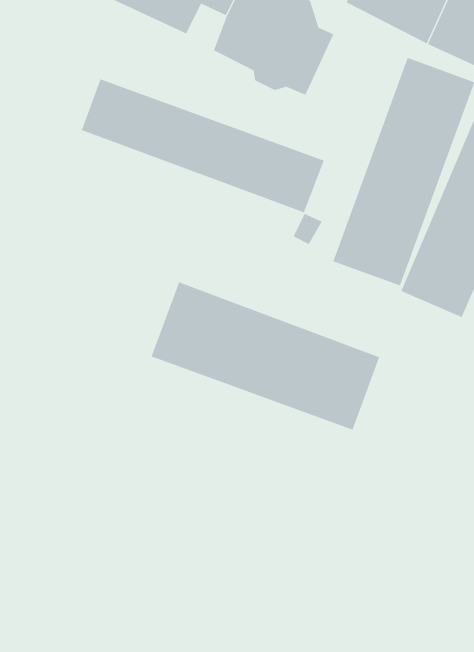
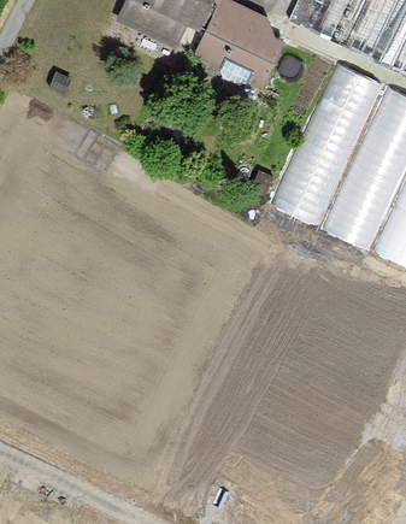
building: [81,78,325,213] -> none
building: [151,282,380,431] -> none

